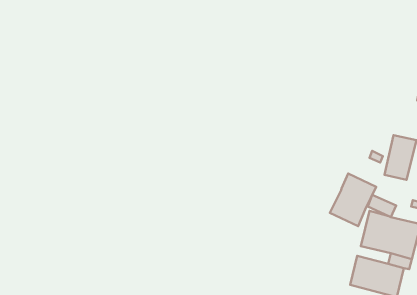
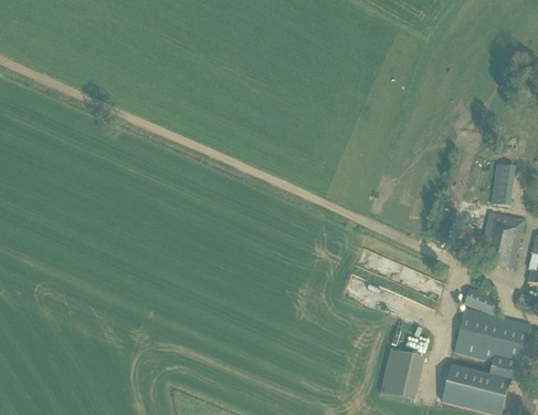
building: none -> [489,162,514,206]
building: [330,174,376,226] -> none
building: none -> [380,349,422,400]

